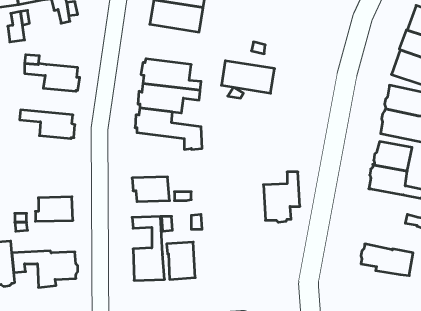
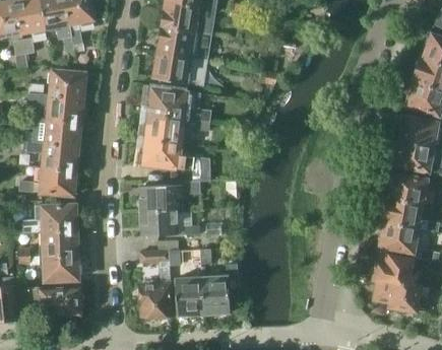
building: none -> [51,70,88,97]
building: [221,61,275,93] -> [153,53,208,86]
building: none -> [24,119,83,146]
building: none -> [19,167,78,195]
building: none -> [139,181,200,211]
building: none -> [23,204,77,232]
building: [263,172,300,222] -> [202,264,240,316]
building: none -> [380,222,419,253]
building: none -> [40,255,79,281]
building: none -> [373,255,413,285]

